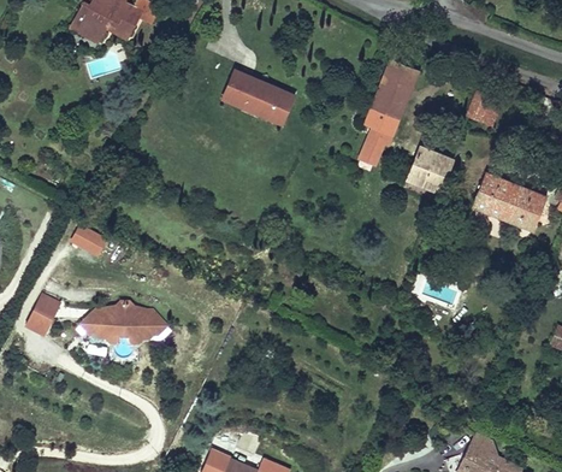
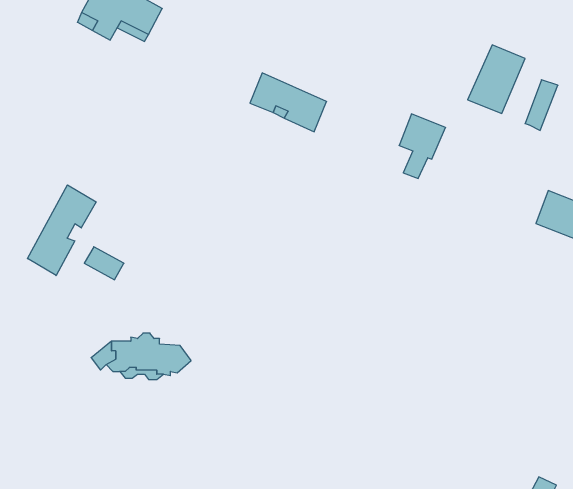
building: [366,60,416,120] -> [468,45,525,113]
building: [406,147,451,193] -> none
building: none -> [27,185,96,276]
building: [31,294,63,332] -> none

